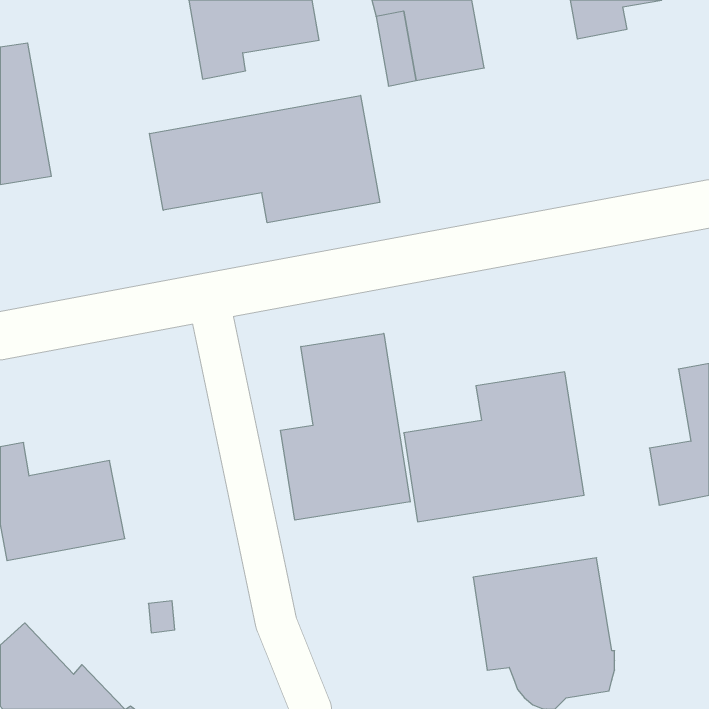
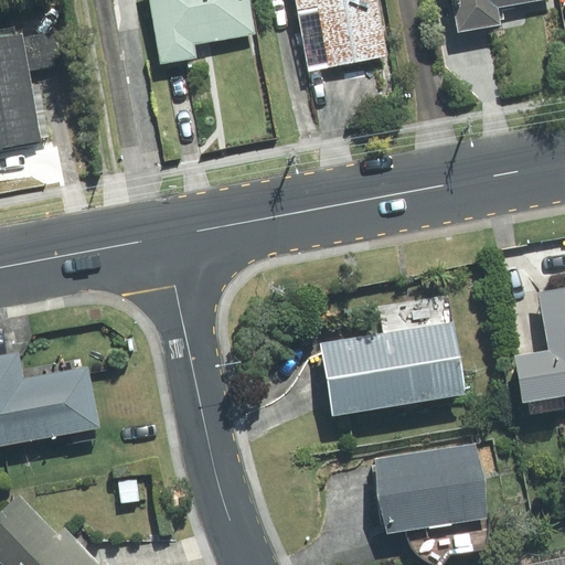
building: [149,95,380,223] -> none
building: [281,333,410,520] -> none

